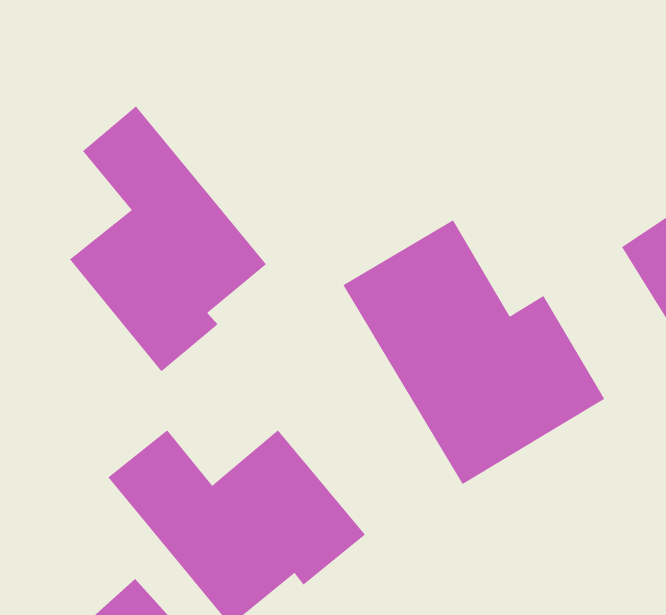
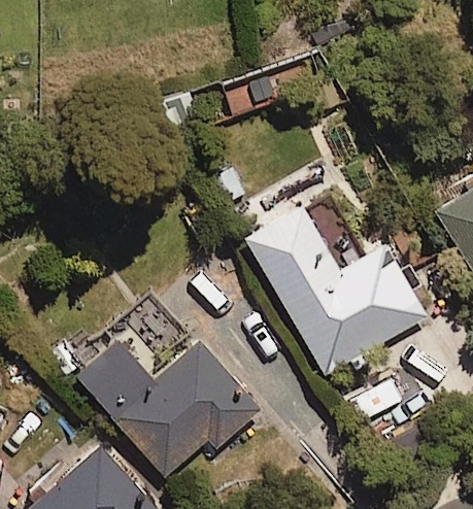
building: [69,105,267,372] -> none

